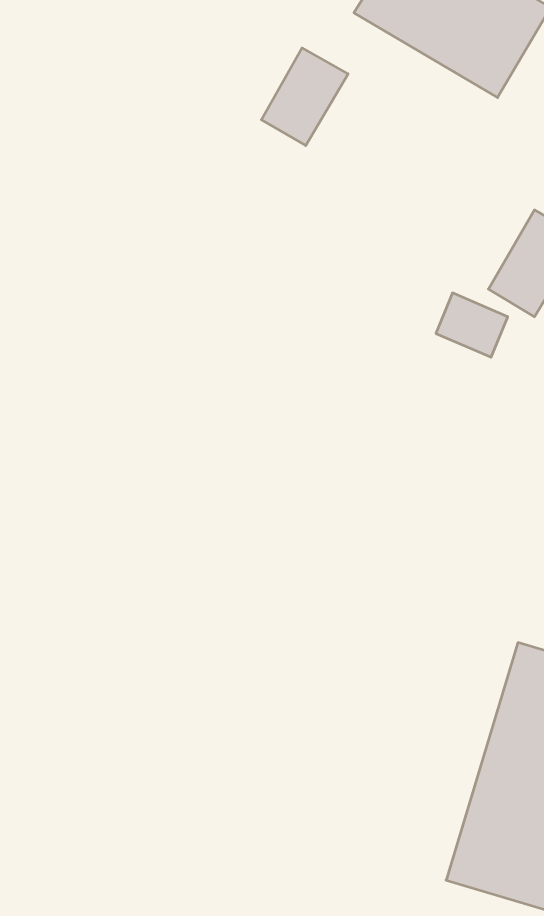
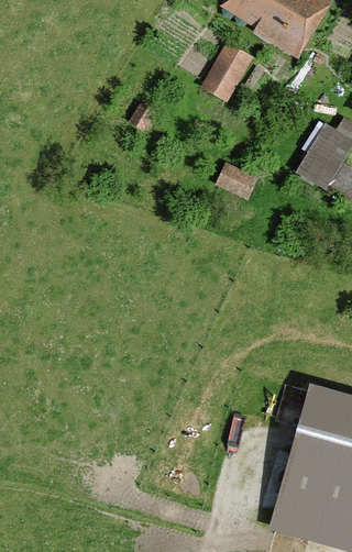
building: [261,48,348,146] -> [200,44,252,102]
building: [436,293,508,357] -> [213,164,256,202]

